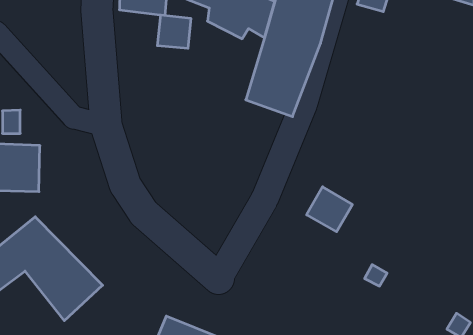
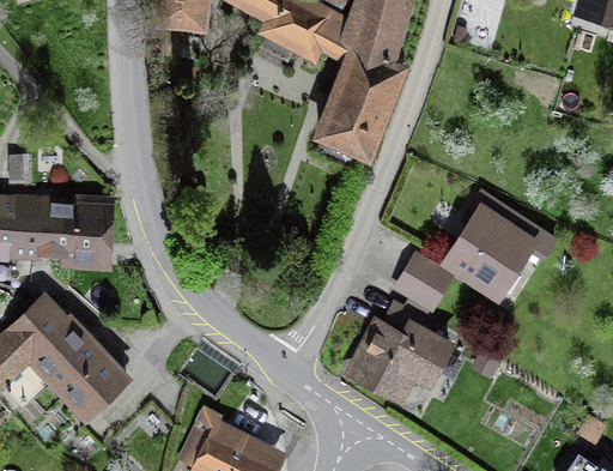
building: [157,15,191,48] -> none
building: none -> [50,200,113,260]
building: none -> [442,204,540,302]
building: none -> [342,316,455,415]

